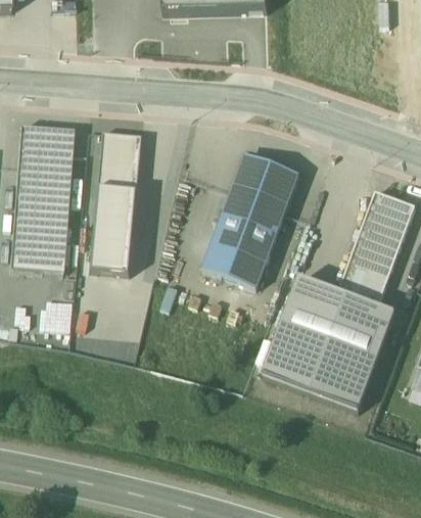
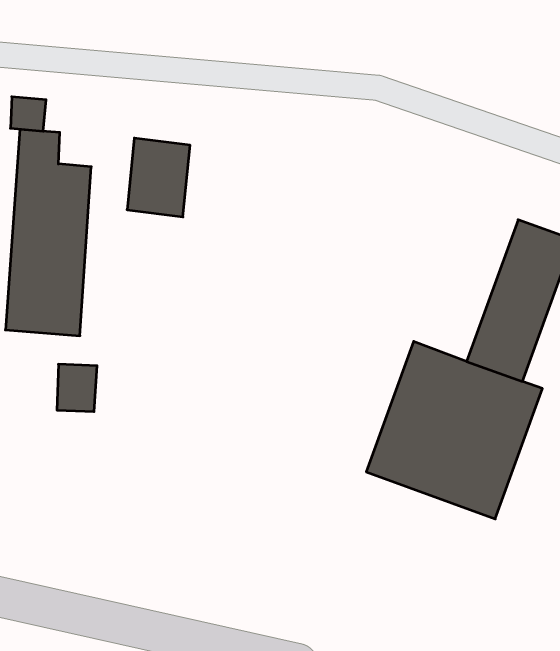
building: [47,127,73,151] -> [10,97,46,131]
building: [202,152,299,287] -> none
building: [87,182,136,267] -> none

